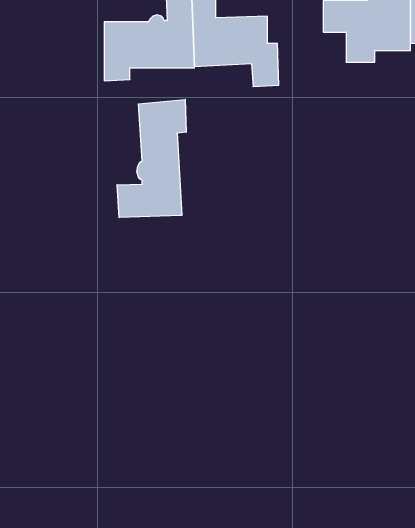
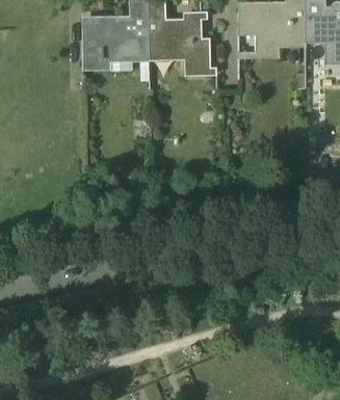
building: [117,99,186,218] -> none

